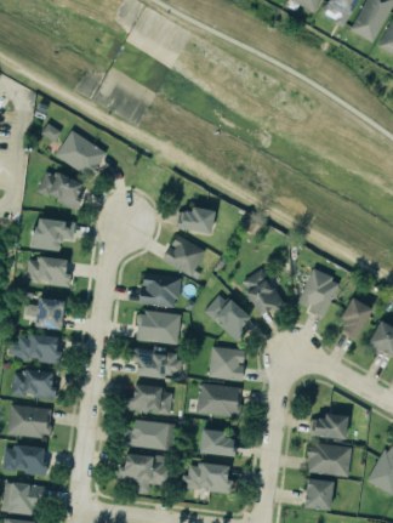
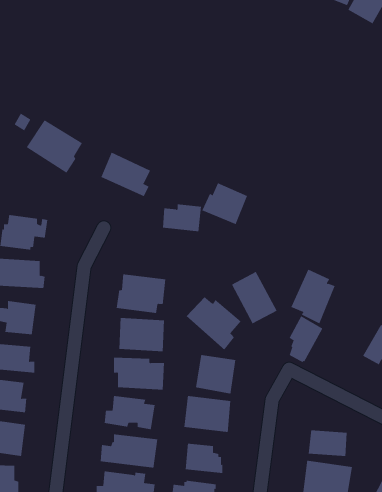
building: [39,169,85,210] -> [100,152,151,197]
building: [164,237,206,275] -> [202,183,248,225]
building: [341,296,372,340] -> [289,315,323,363]

